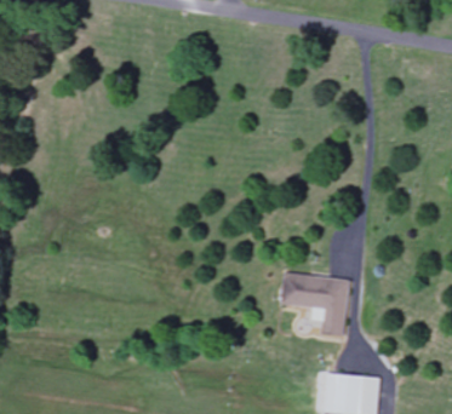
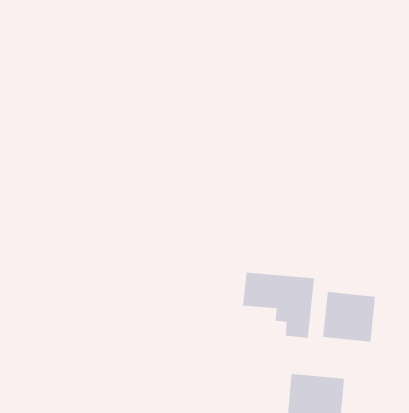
building: none -> [322,291,376,343]

